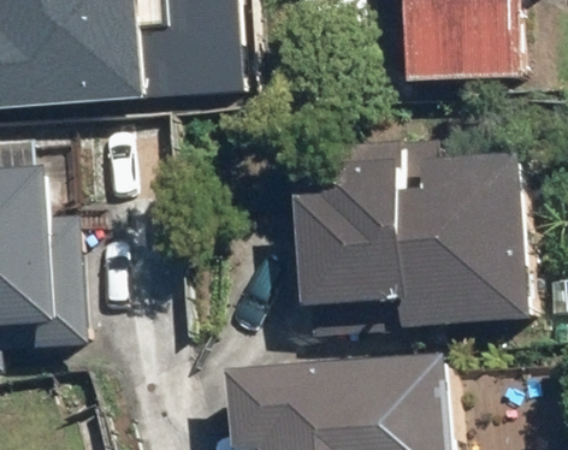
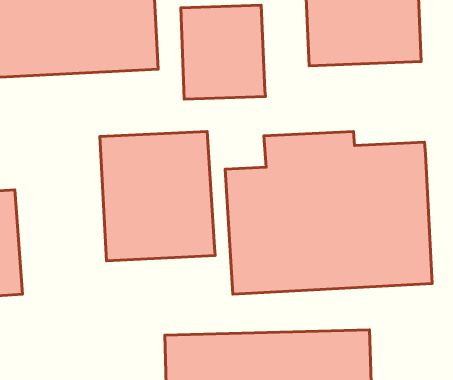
building: none -> [181,5,265,99]
building: none -> [100,131,215,261]

